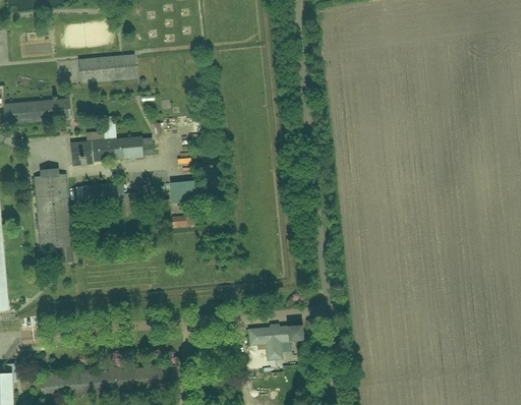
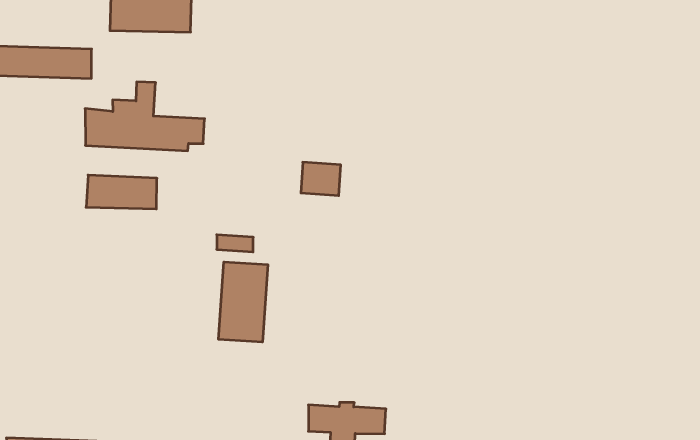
building: [32,168,73,264] -> none
building: [169,180,196,202] -> [301,162,341,196]
building: none -> [219,262,268,342]

